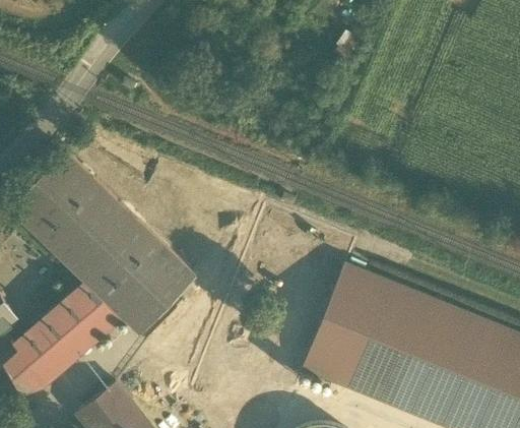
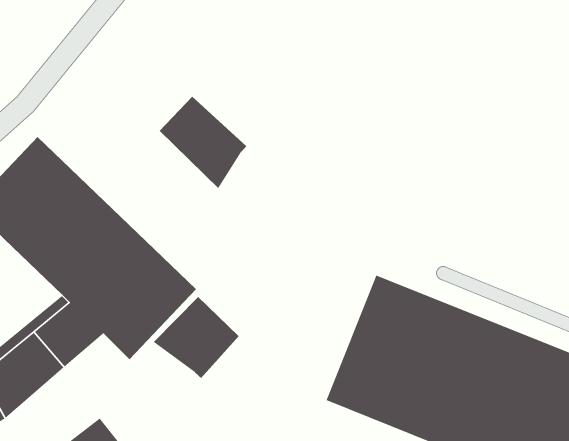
building: none -> [159,96,247,189]
building: none -> [153,296,240,379]

